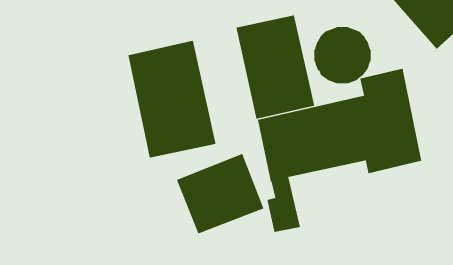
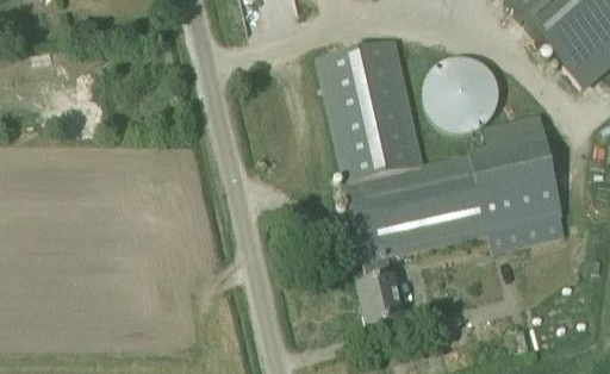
building: [127,40,217,158] -> none
building: [176,152,265,235] -> none

